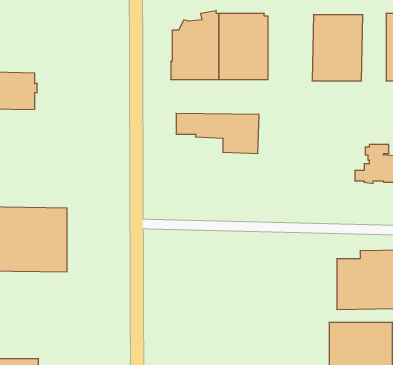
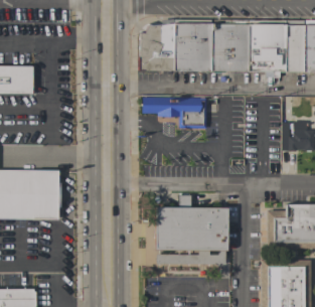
building: none -> [214,20,250,73]
building: none -> [287,21,306,72]
building: none -> [155,195,228,265]

